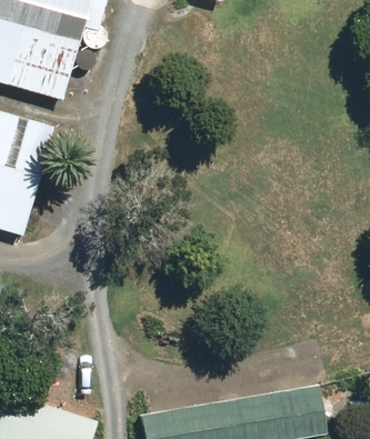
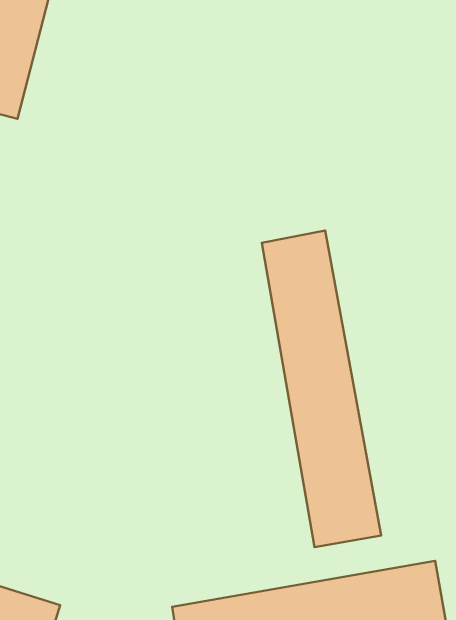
building: none -> [262,231,381,547]

